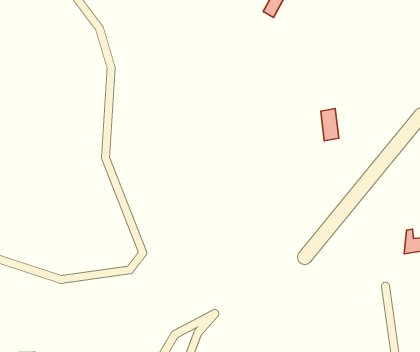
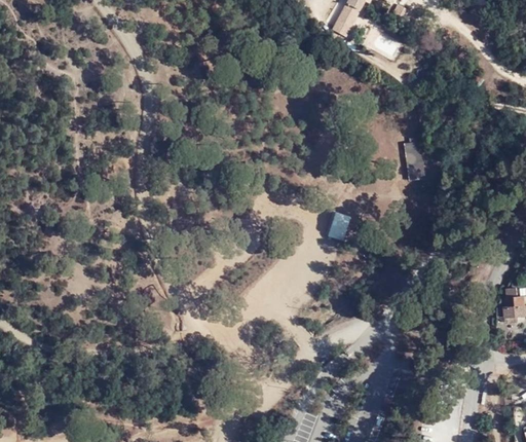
building: none -> [329,213,350,242]

